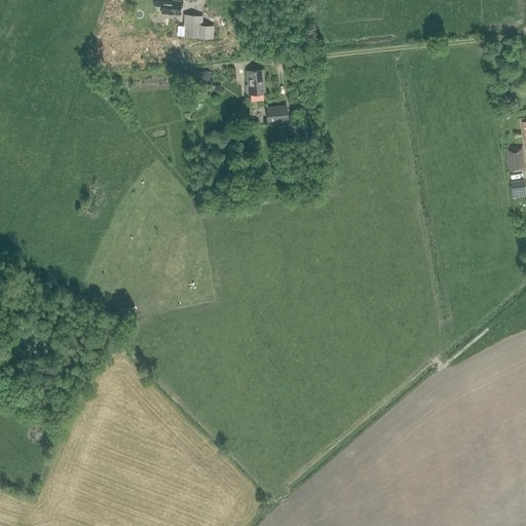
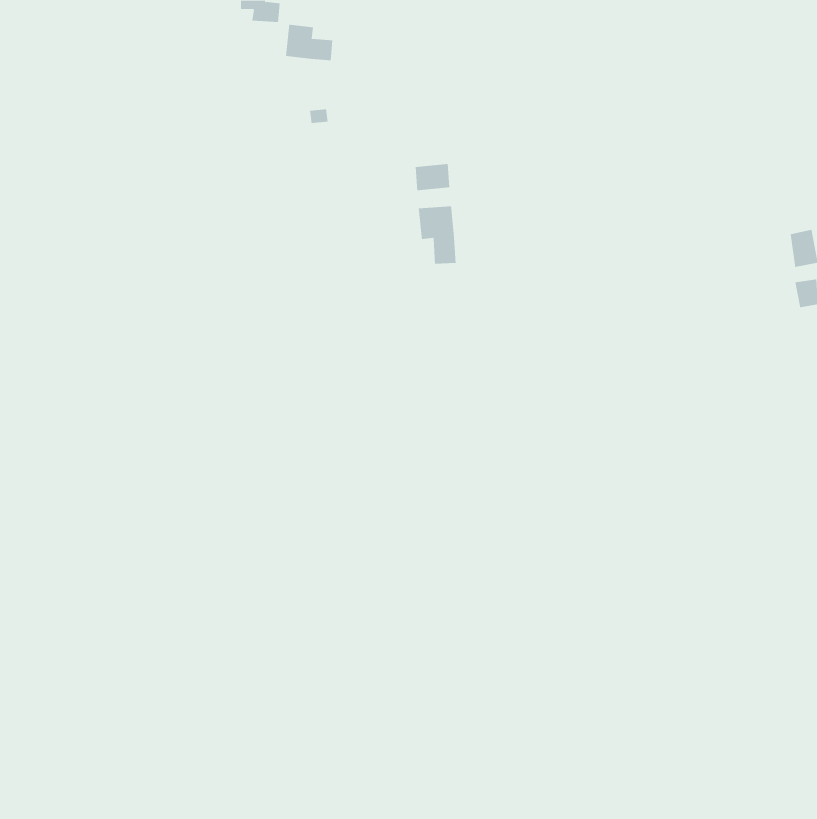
building: [247,70,265,96] -> none
building: none -> [418,206,456,264]

